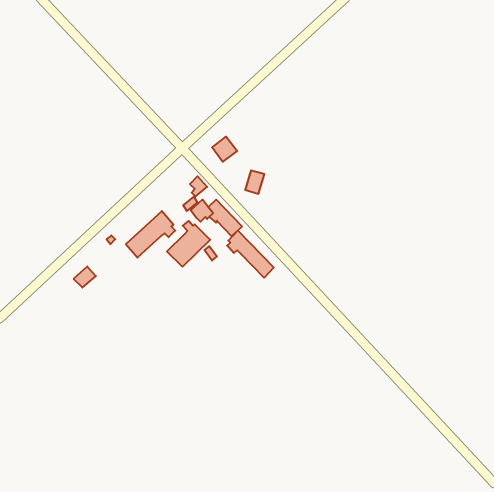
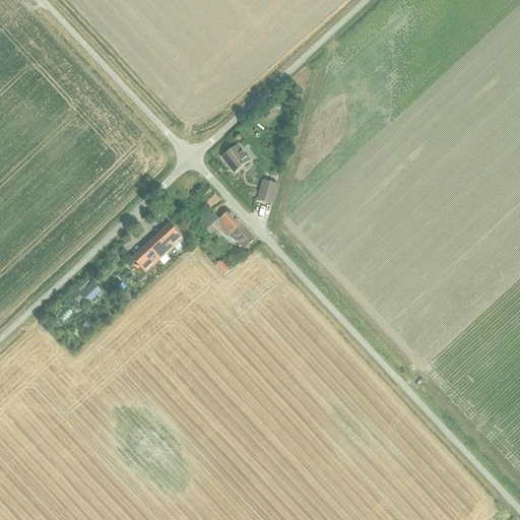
building: [167,221,210,267] -> none
building: [227,230,274,278] -> none

